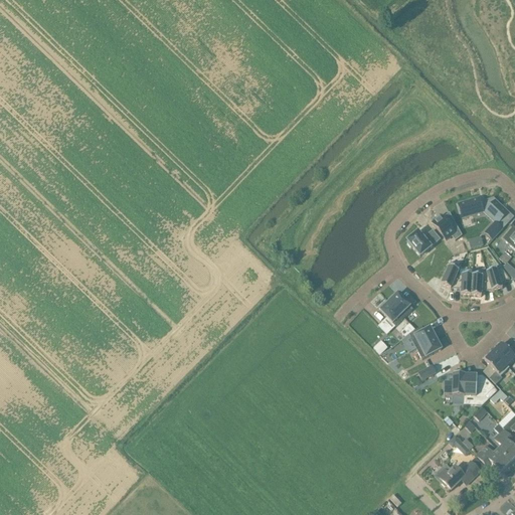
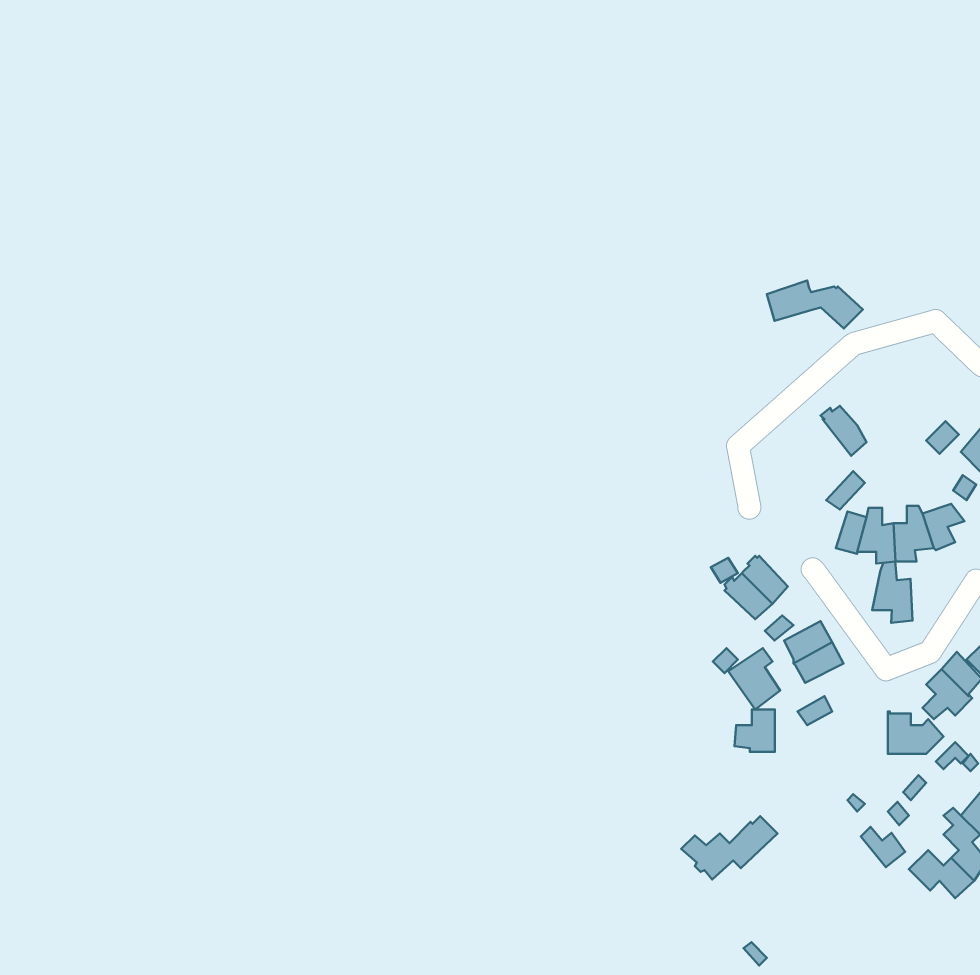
building: [459,195,509,220] -> [767,281,863,329]
building: [406,227,438,251] -> none
building: none -> [872,562,913,623]
building: [445,372,466,394] -> [734,710,775,752]
building: [436,456,486,489] -> [681,816,777,880]

